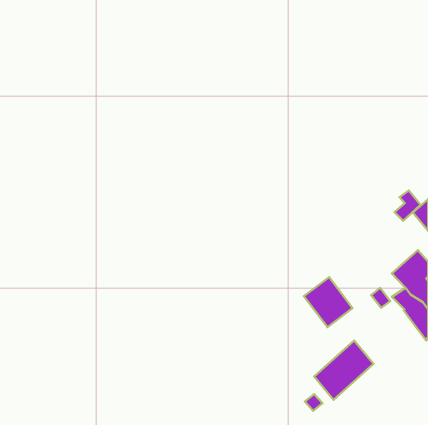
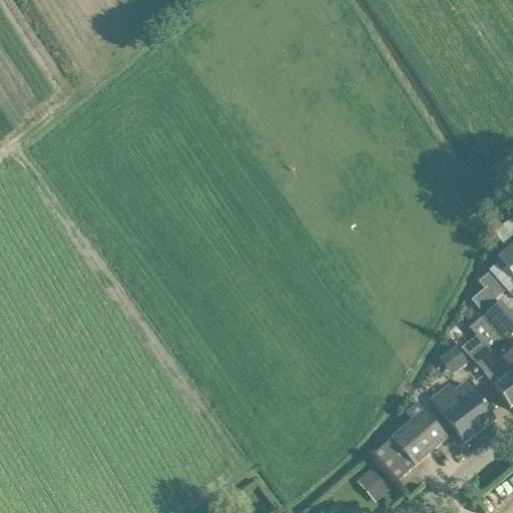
building: [395,191,421,221] -> [472,273,503,309]
building: [304,277,352,327] -> [436,382,494,442]

